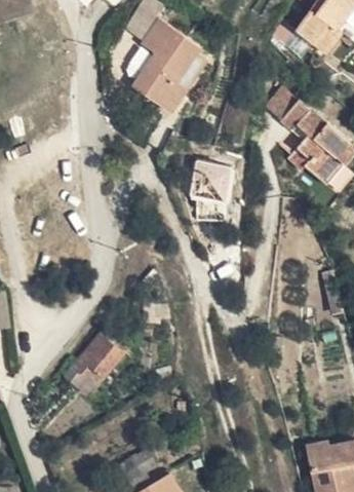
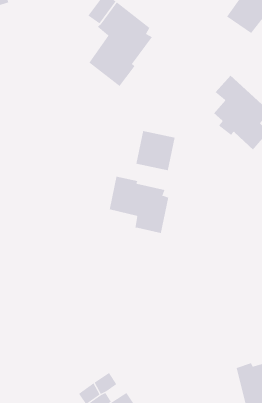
building: none -> [109,176,169,234]
building: [75,331,126,384] -> none

